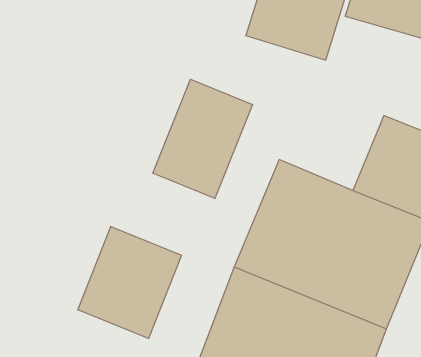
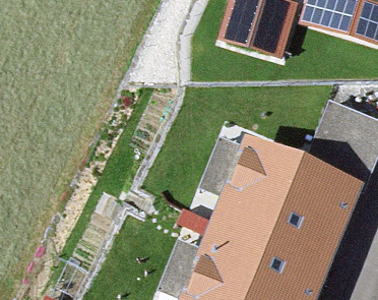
building: [153,79,252,199] -> none
building: [78,226,181,339] -> none

